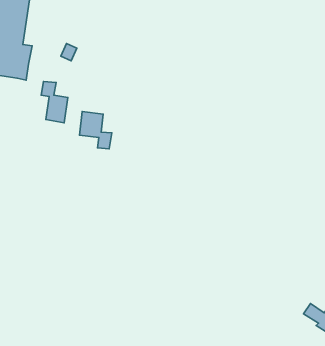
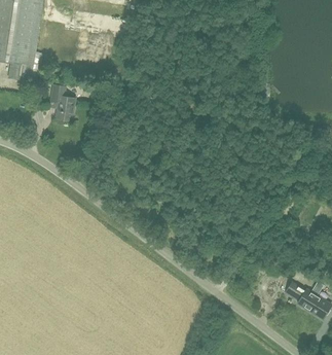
building: [80,111,112,149] -> none

